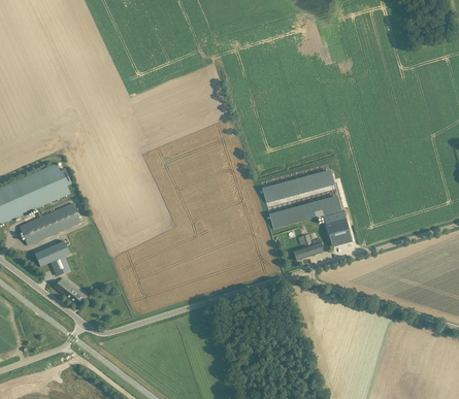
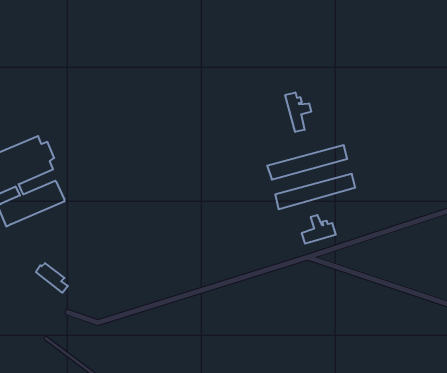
building: none -> [285,92,311,132]
building: [324,210,352,246] -> none
building: [33,239,68,273] -> none

